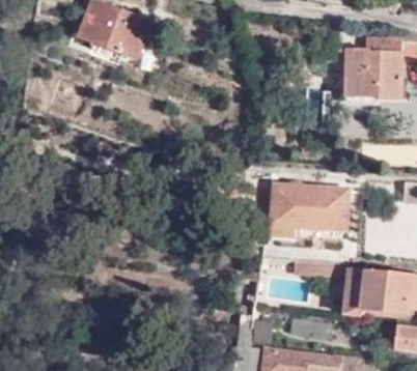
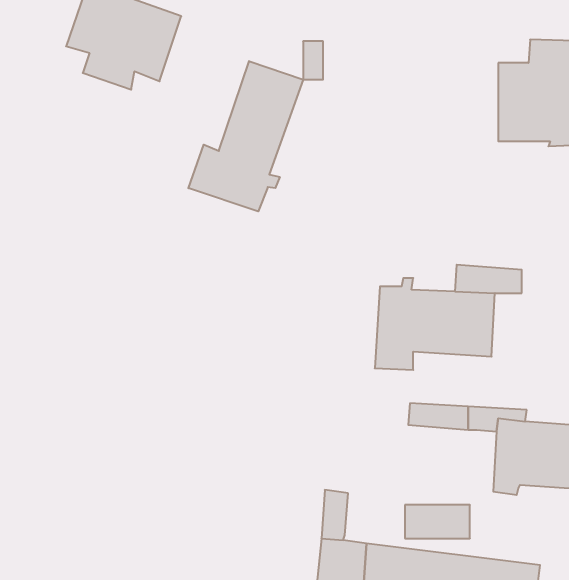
building: none -> [188,61,303,211]

